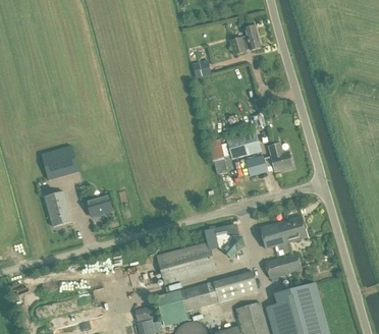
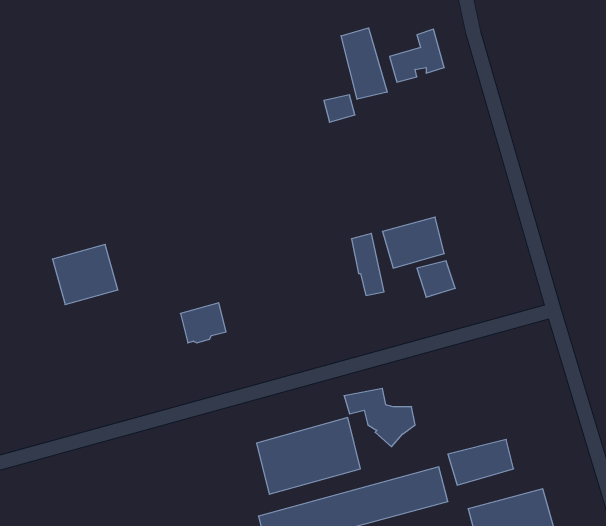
building: none -> [341,28,387,99]
building: [268,143,291,171] -> none
building: [45,191,71,227] -> none
building: [86,194,111,217] -> [180,303,226,343]
building: [259,217,307,249] -> none

